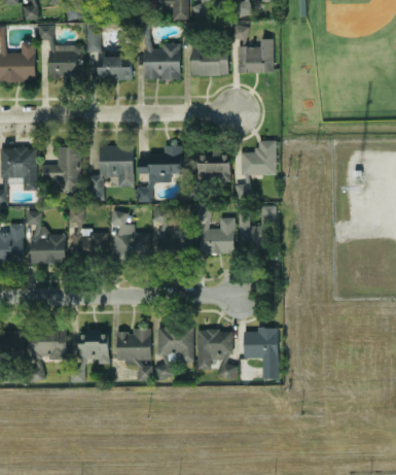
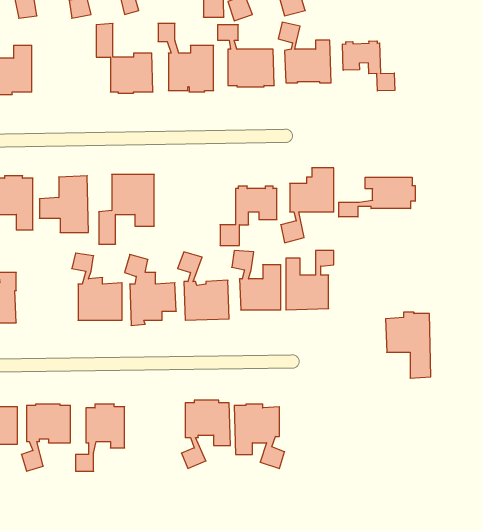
building: [38,26,83,77] -> none
building: none -> [343,41,395,91]
building: [137,145,181,202] -> none
building: none -> [339,177,415,217]
building: [26,210,65,264] -> none
building: [243,327,279,379] -> [386,312,431,378]
building: [116,329,152,380] -> none

